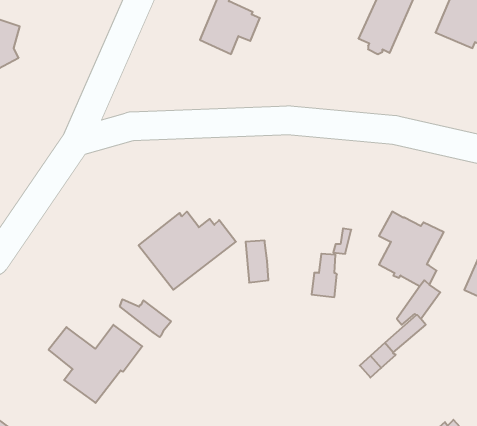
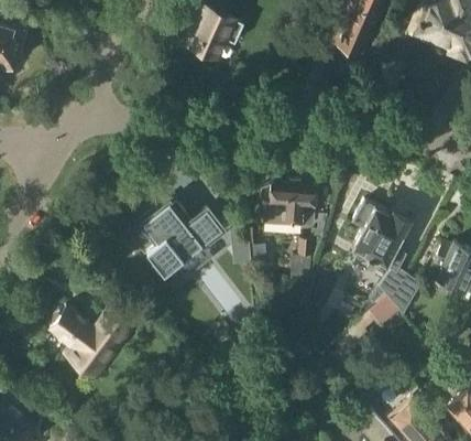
building: none -> [260,183,315,230]
building: none -> [391,277,421,316]
building: [120,299,171,337] -> none

